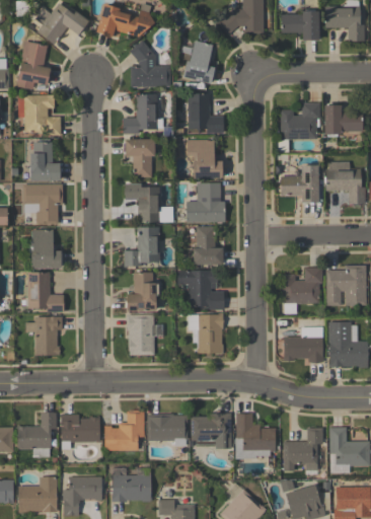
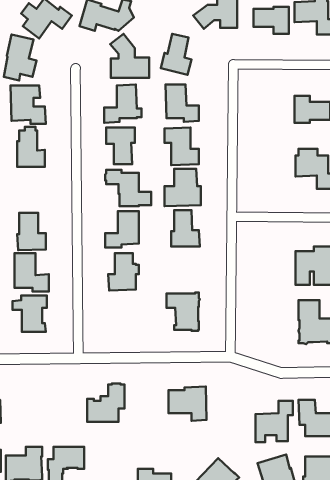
building: [280,102,319,139] -> none
building: [280,165,318,202] -> none
building: [22,183,62,224] -> none
building: [282,268,322,313] -> none
building: [177,270,224,309] -> none
building: [126,314,157,355] -> none
building: [284,326,322,363] -> none
building: [17,412,56,456] -> none
building: [61,414,99,449] -> none
building: [147,414,188,447] -> none
building: [234,414,276,458] -> none
building: [112,474,151,502] -> none

